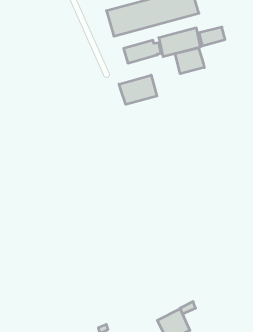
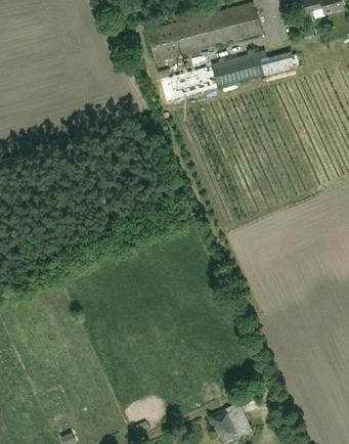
building: [175,48,204,74] -> none
building: [119,75,157,104] -> none

